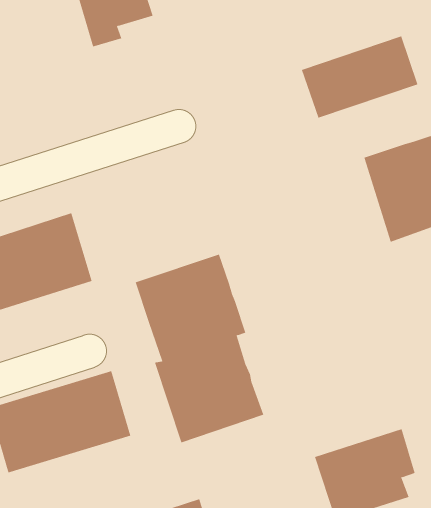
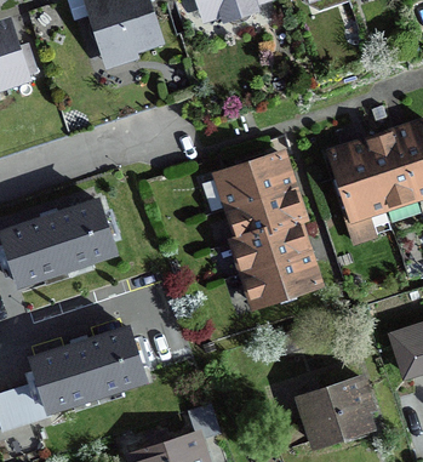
building: [301,36,418,119] -> none
building: [135,254,264,443] -> [216,155,321,309]

